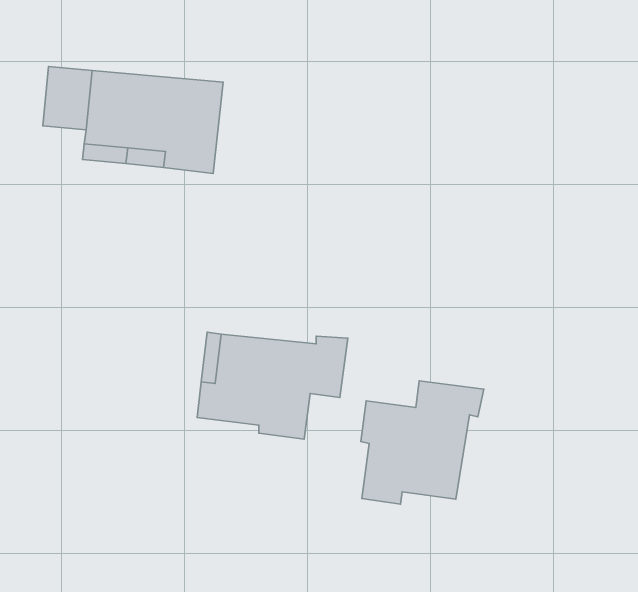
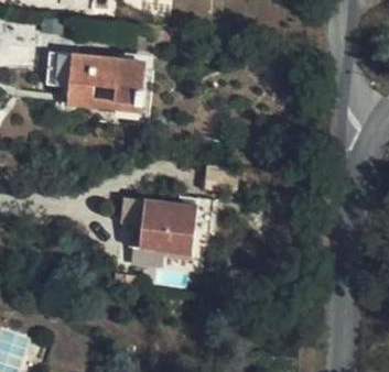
building: [361,381,484,504] -> none

